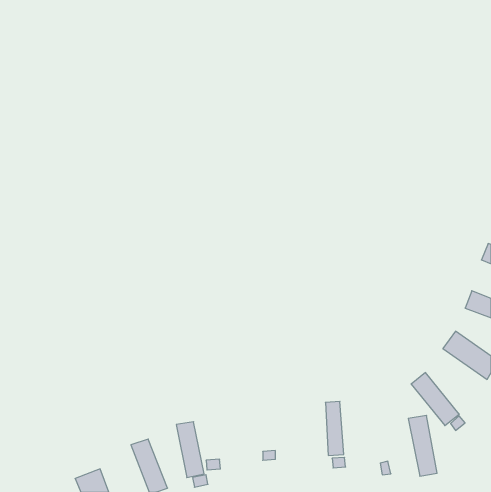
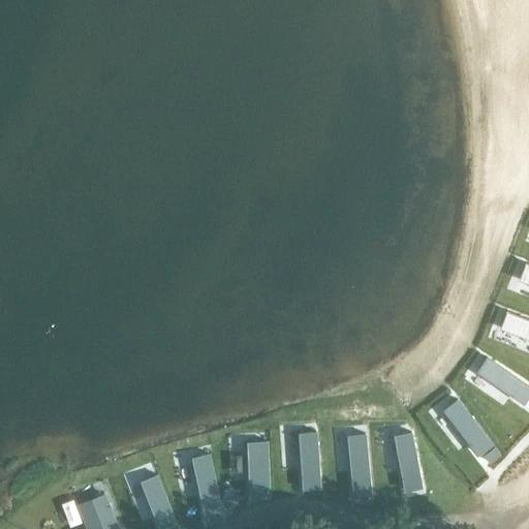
building: none -> [298,429,323,488]
building: none -> [245,441,267,499]
building: [408,415,437,476] -> [393,428,424,493]

